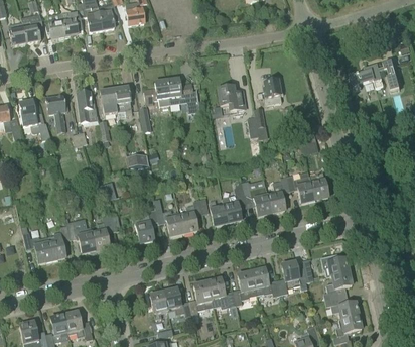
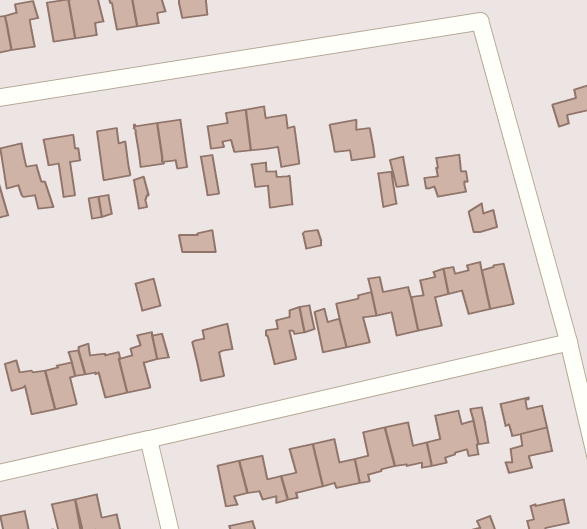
building: [257,79,283,104] -> [424,155,468,197]
building: none -> [252,162,292,208]
building: [156,208,184,236] -> none
building: [325,296,359,319] -> none

